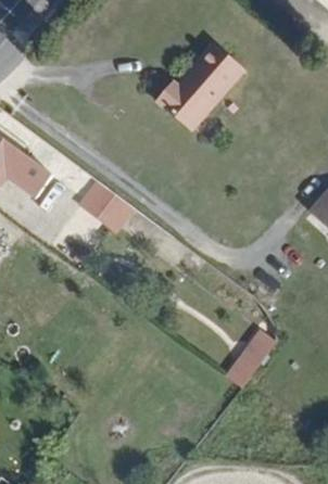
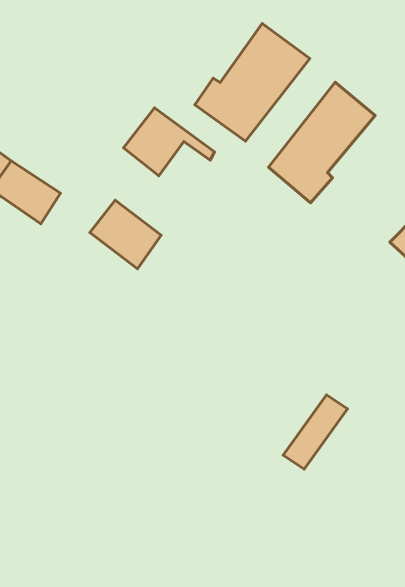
building: none -> [269,82,375,203]
building: none -> [123,108,215,176]

